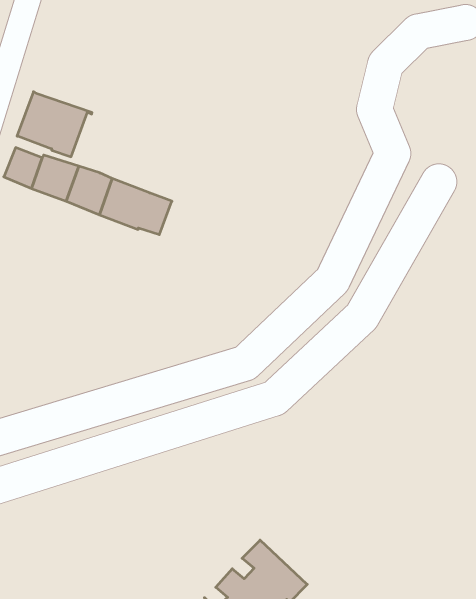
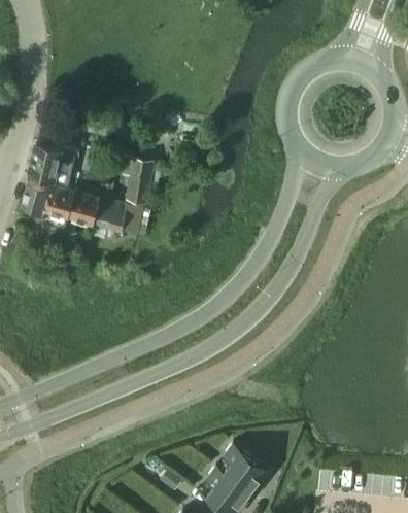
building: none -> [126,160,155,206]

